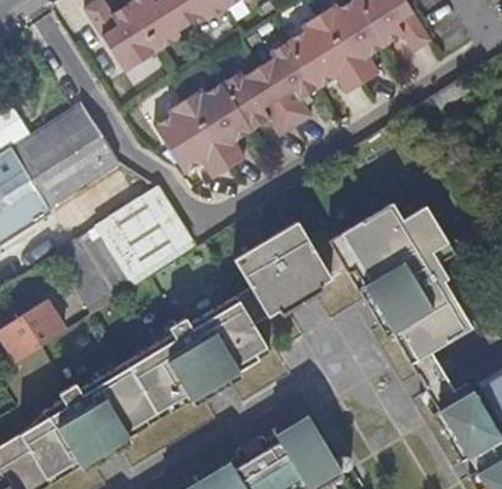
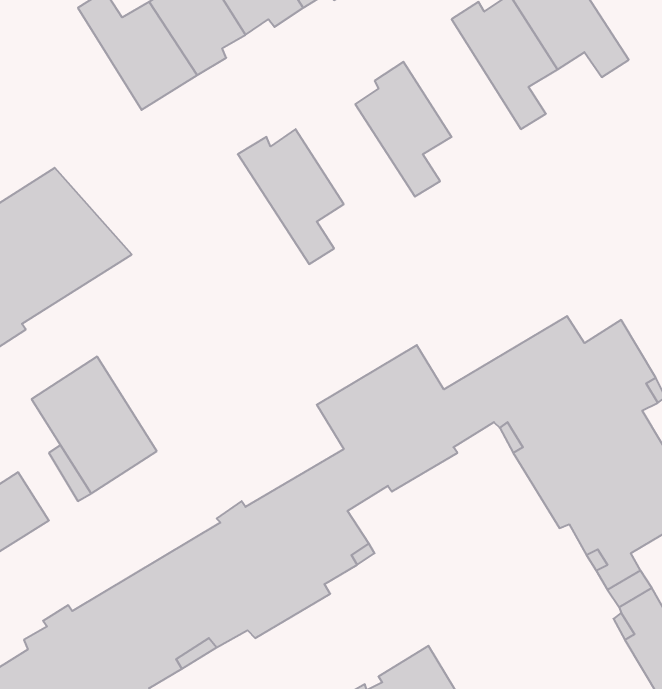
building: [289,15,363,95] -> none
building: [221,68,296,137] -> none
building: [154,99,229,180] -> none
building: [96,187,195,286] -> none

